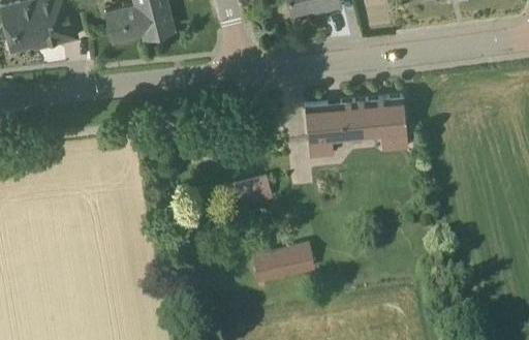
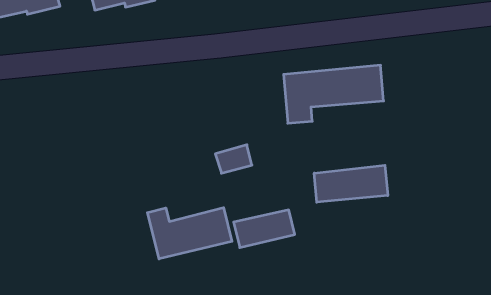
building: none -> [314,165,388,202]
building: none -> [147,208,232,259]

